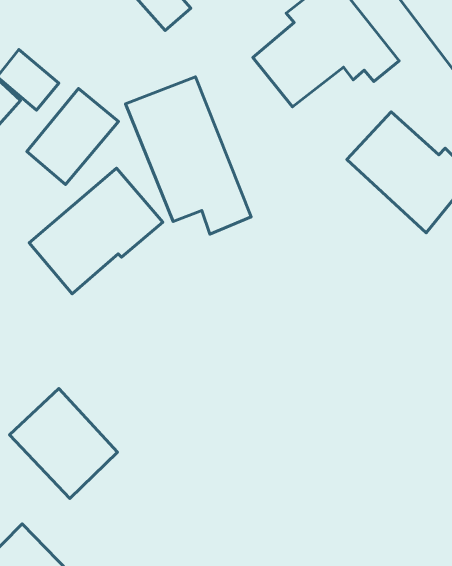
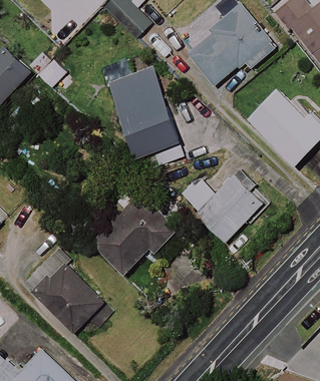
building: [27,88,119,185] -> none
building: [29,168,163,294] -> [94,196,179,275]
building: none -> [182,174,265,242]

